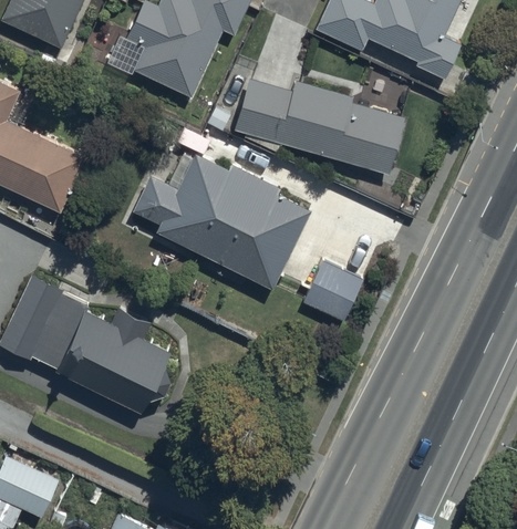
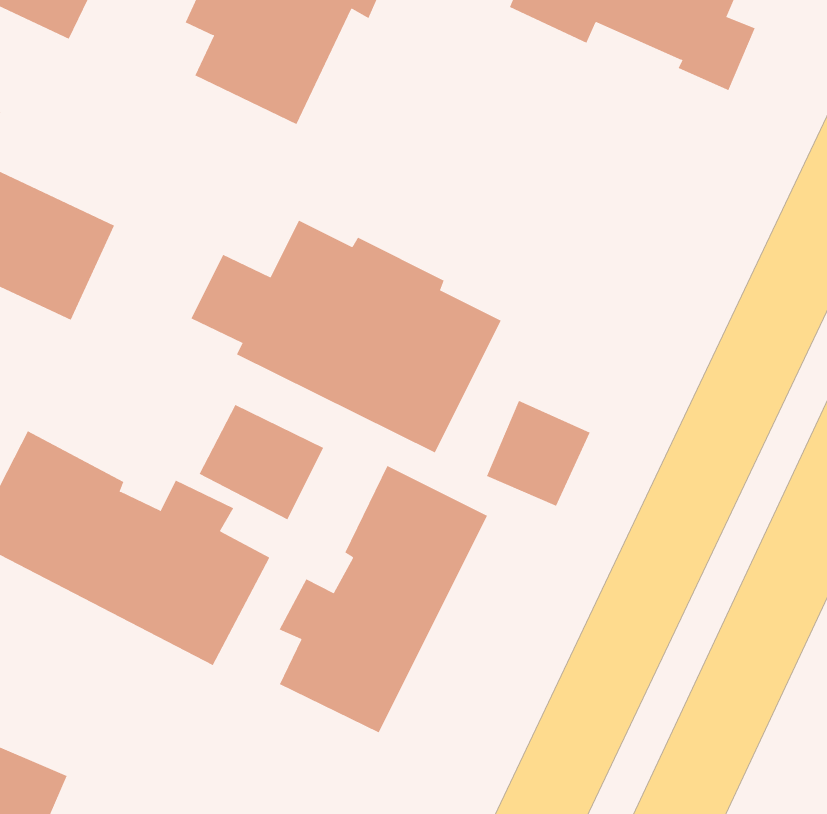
building: [235,77,404,173] -> none
building: none -> [199,404,324,520]
building: none -> [279,465,488,733]

